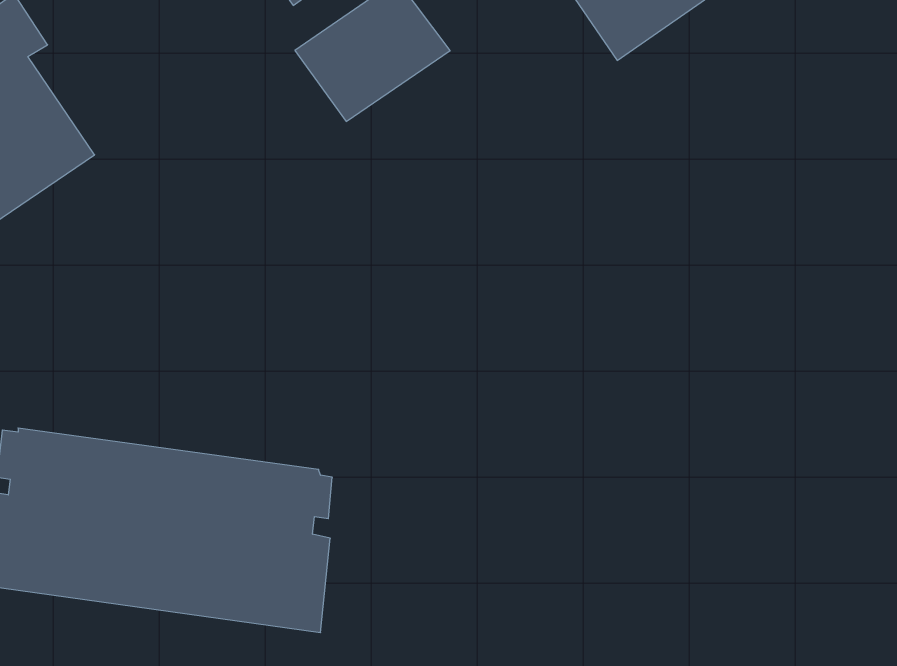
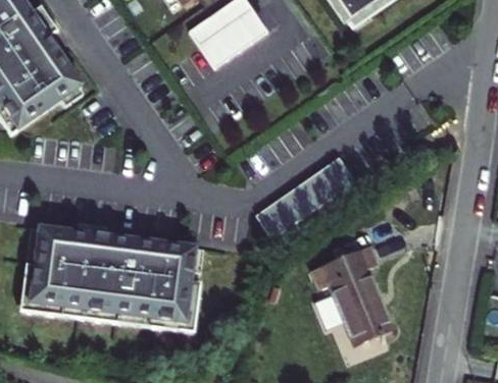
building: none -> [256,160,356,239]
building: none -> [315,245,394,343]

